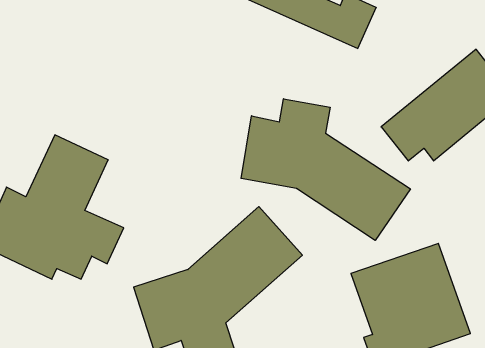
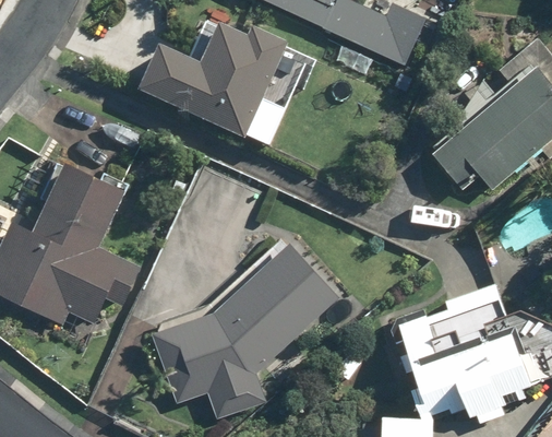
building: none -> [137,21,290,137]
building: [241,99,410,240] -> none

